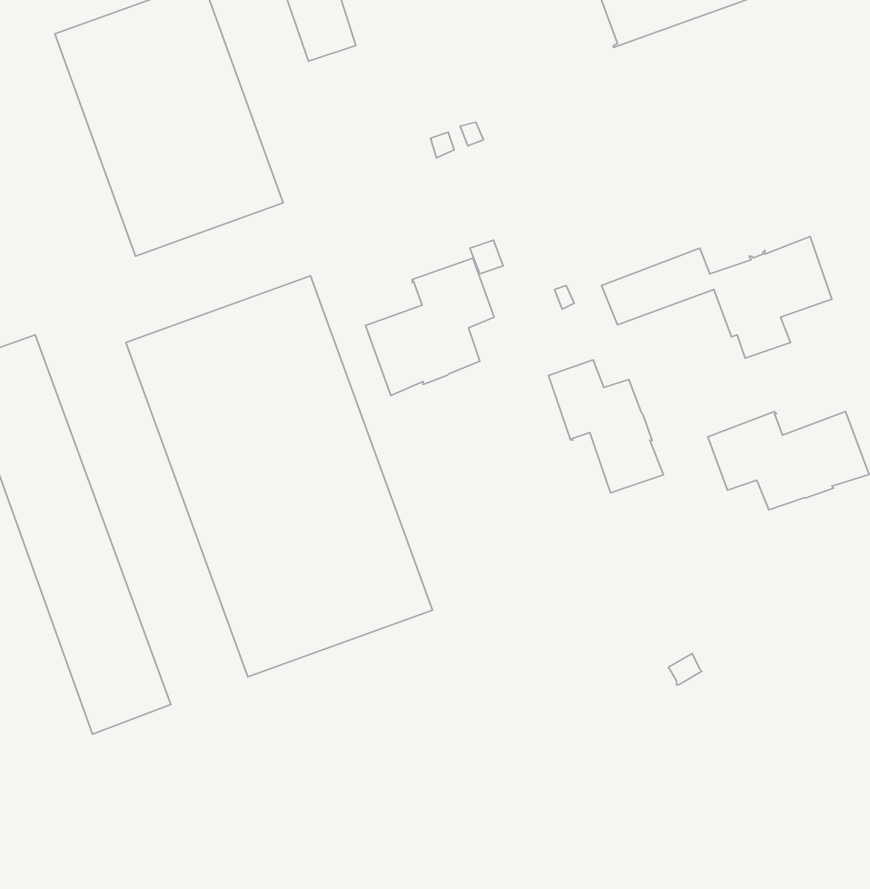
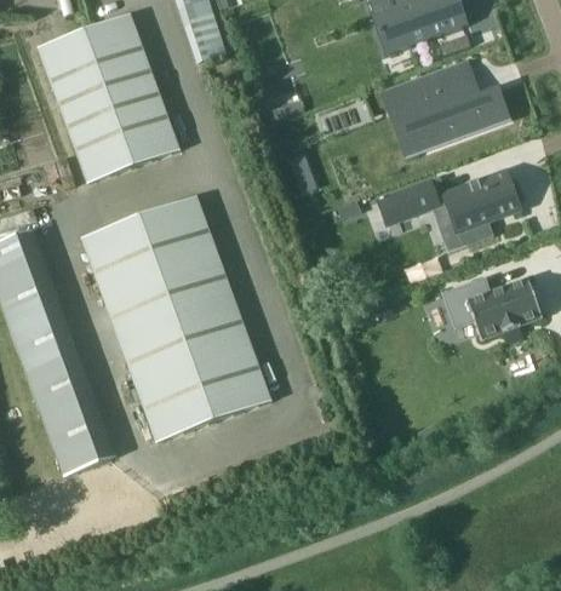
building: none -> [396,76,506,151]
building: [366,258,494,396] -> none
building: [549,360,663,493] -> none

